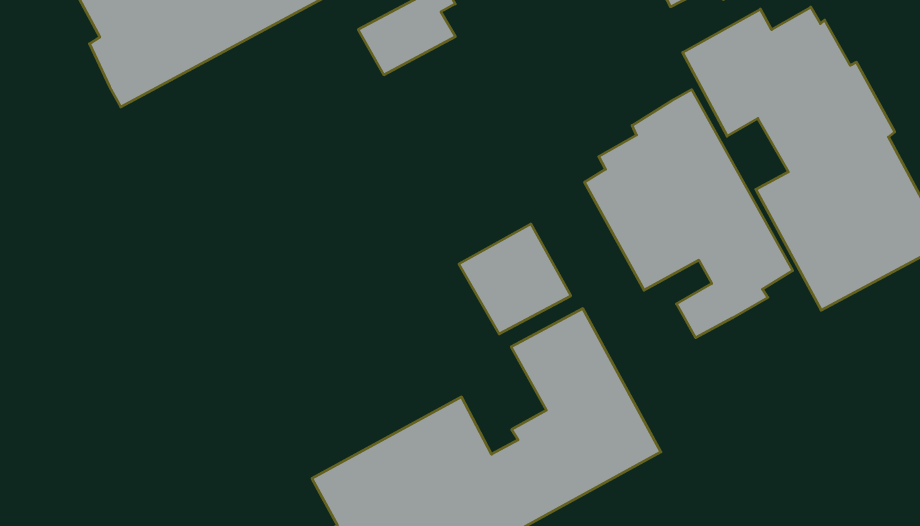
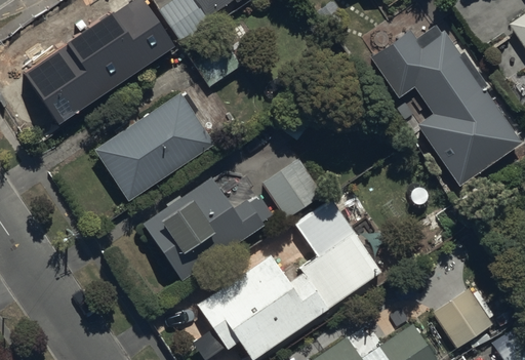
building: none -> [94,89,216,202]
building: [585,90,793,338] -> none
building: none -> [144,175,275,281]

